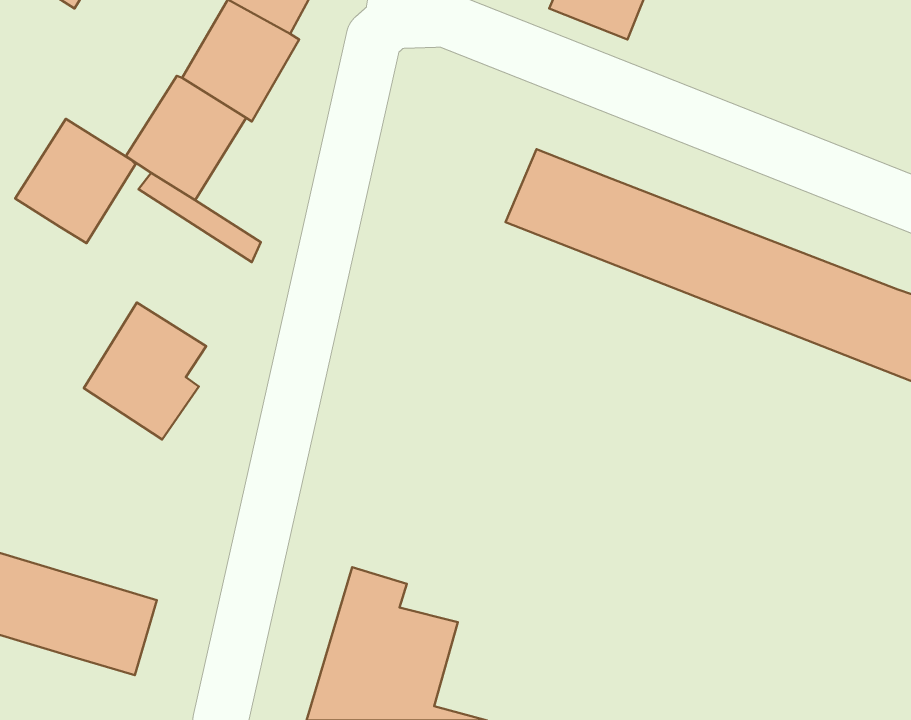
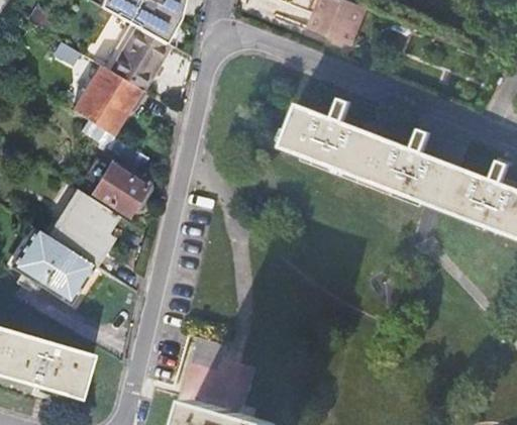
building: [15,119,135,243] -> none
building: none -> [92,165,145,215]
building: none -> [10,227,94,304]

